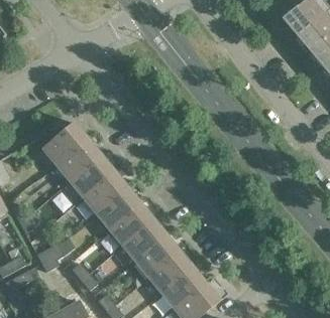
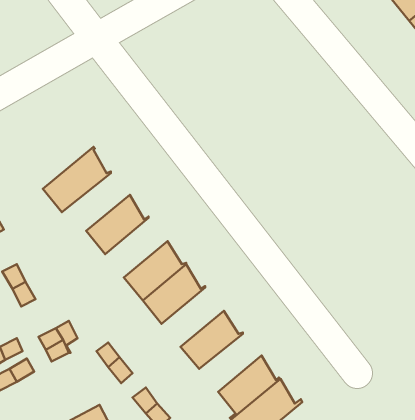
building: [52,140,100,180] -> none
building: [83,171,126,212] -> none
building: [122,219,166,261] -> none
building: [148,252,192,292] -> none

